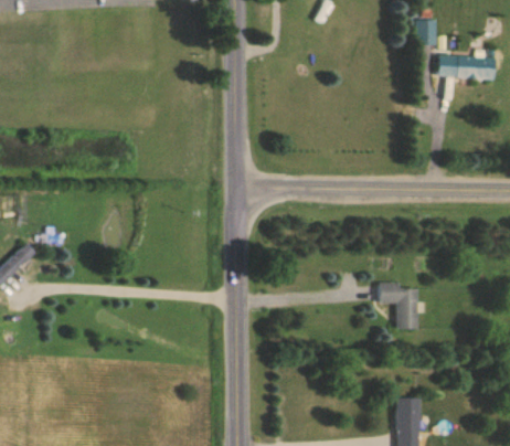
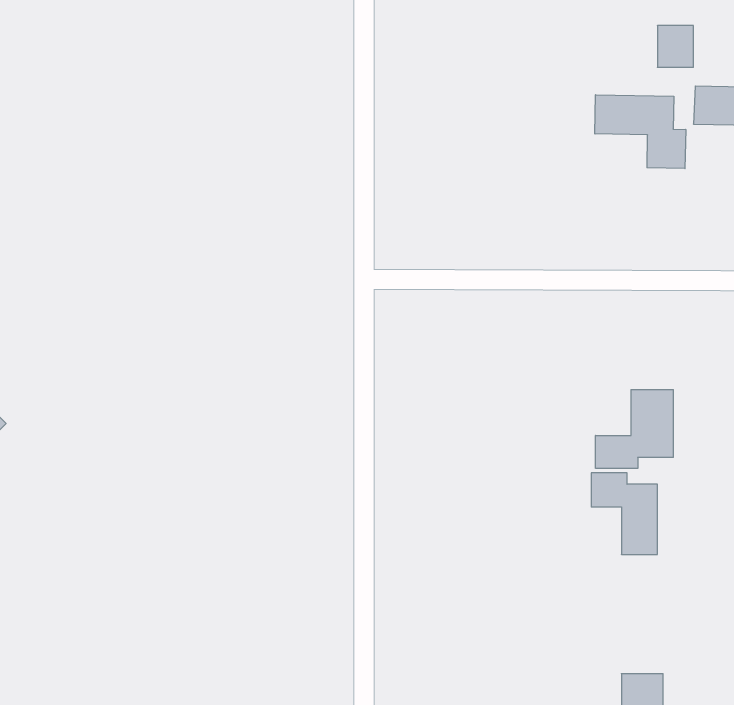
building: none -> [595,95,686,169]
building: none -> [596,390,673,468]

